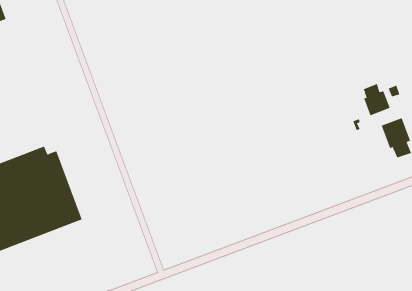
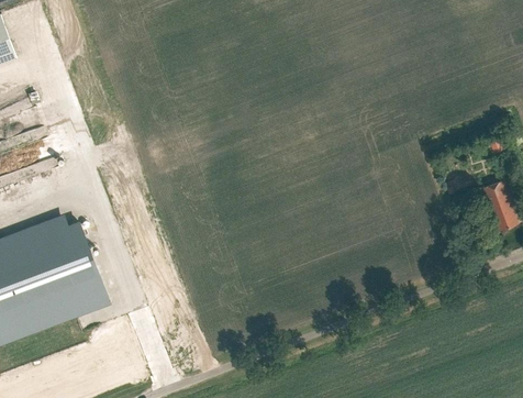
building: [363,83,390,116] -> none

